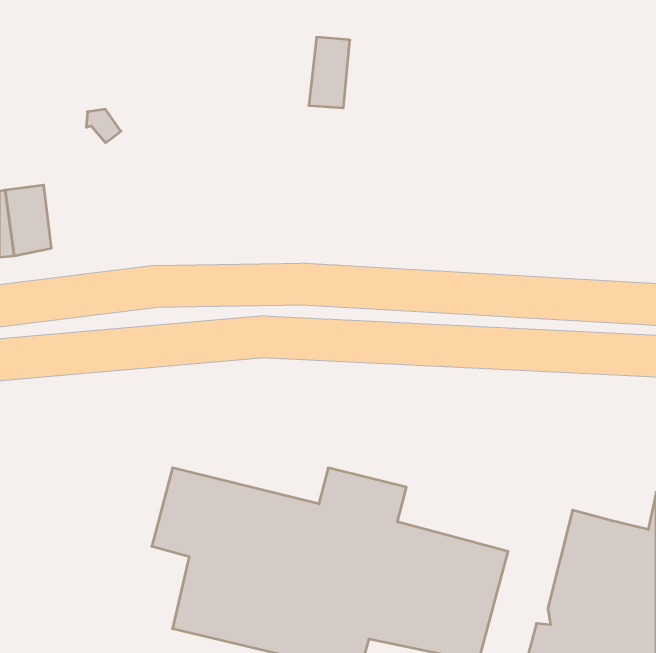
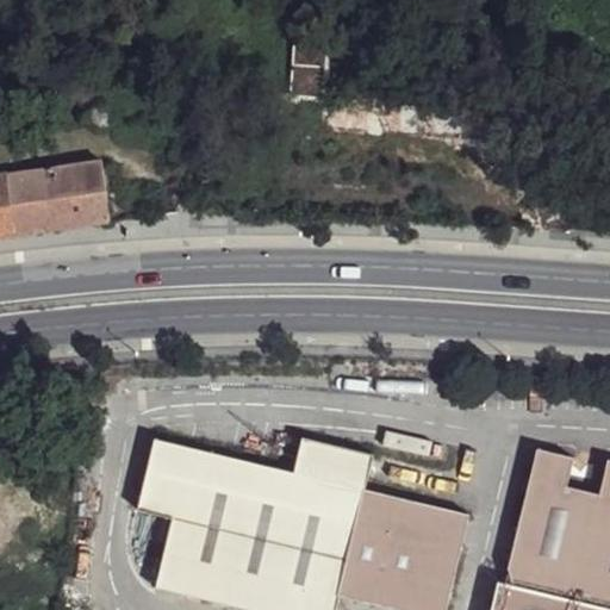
building: none -> [41,166,108,234]
building: none -> [530,448,573,486]

